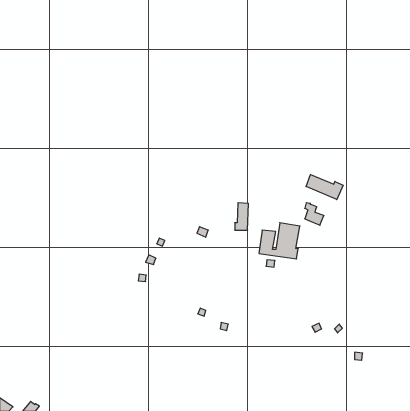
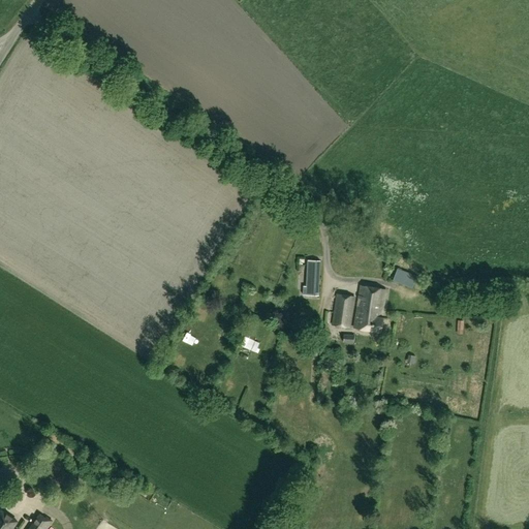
building: [306,175,343,200] -> none

